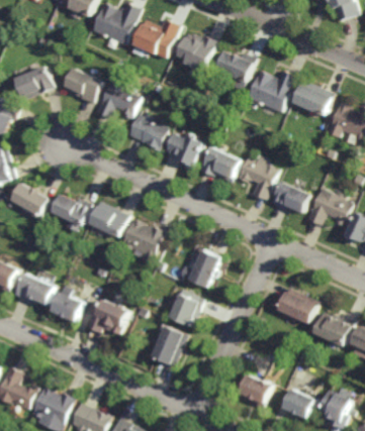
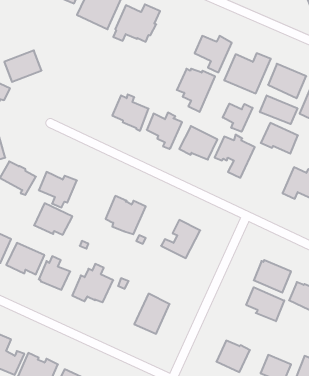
building: [174,33,214,79] -> [177,69,215,112]
building: [63,69,101,103] -> none
building: [96,81,139,119] -> none
building: none -> [260,95,297,124]
building: none -> [223,104,253,132]
building: [269,183,308,215] -> [261,123,298,154]
building: [87,202,127,235] -> [34,203,72,235]
building: [168,288,202,326] -> none
building: none -> [246,287,284,321]

